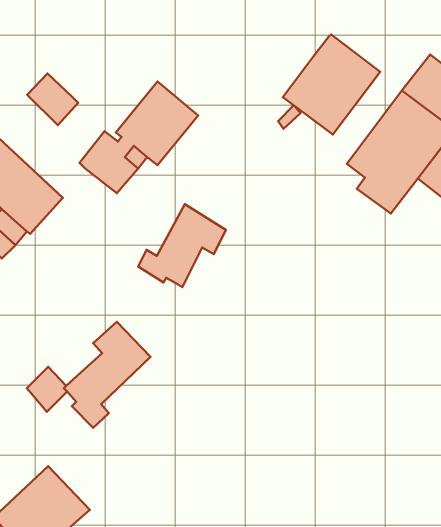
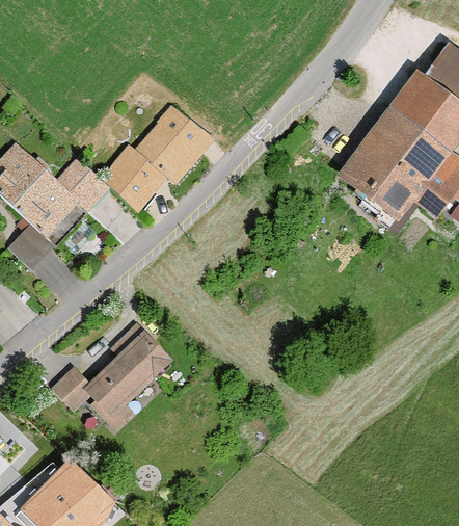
building: [283,35,380,135] -> none
building: [27,73,78,125] -> [60,157,107,205]
building: [138,204,226,287] -> none

